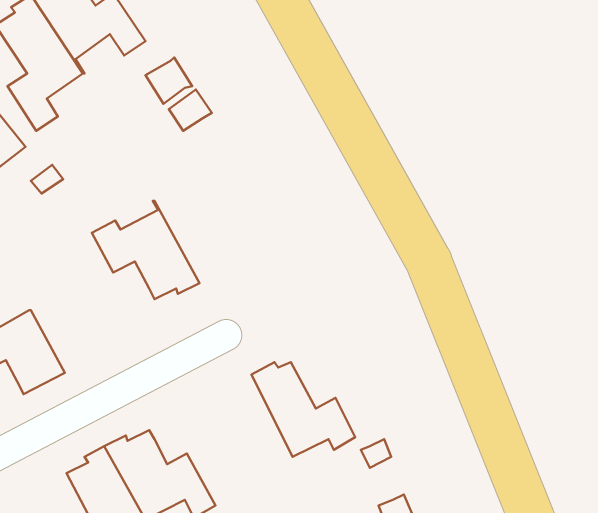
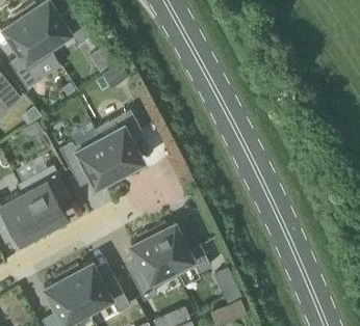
building: none -> [95,111,143,179]
building: none -> [17,166,70,230]
building: none -> [130,232,175,302]

